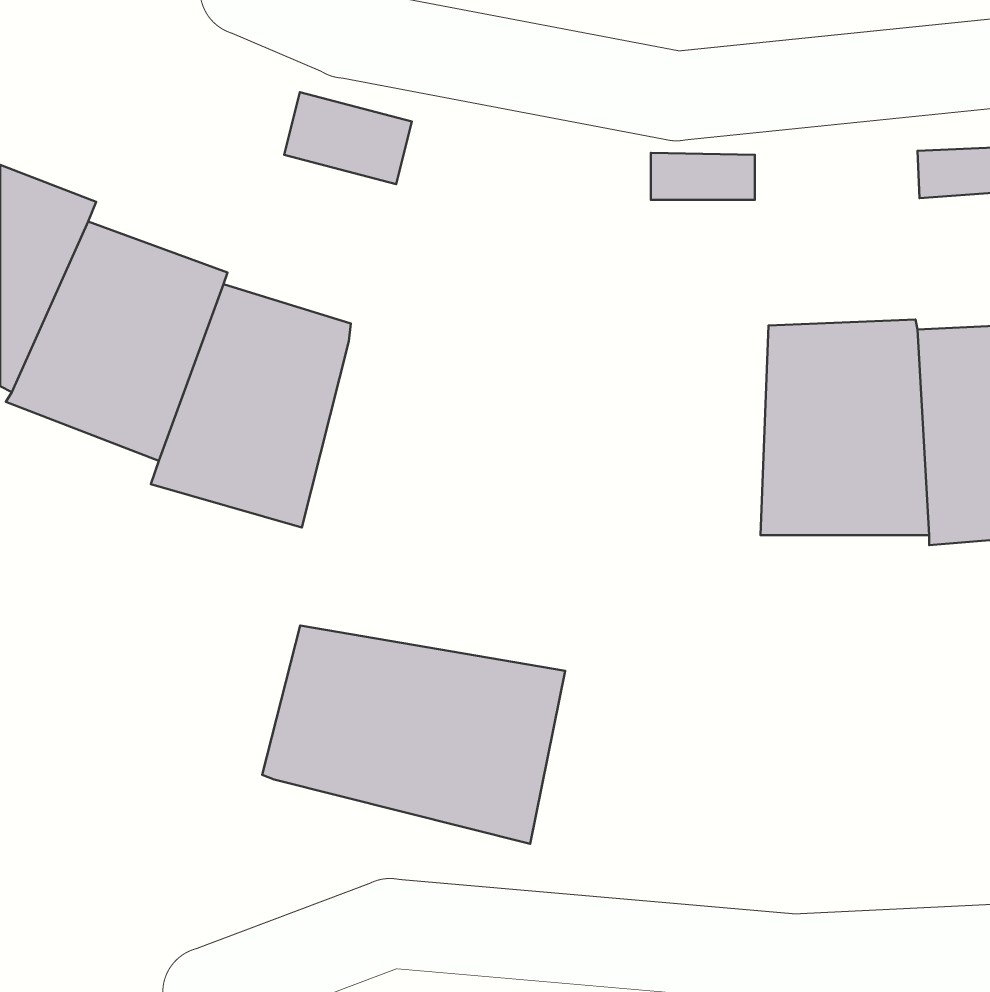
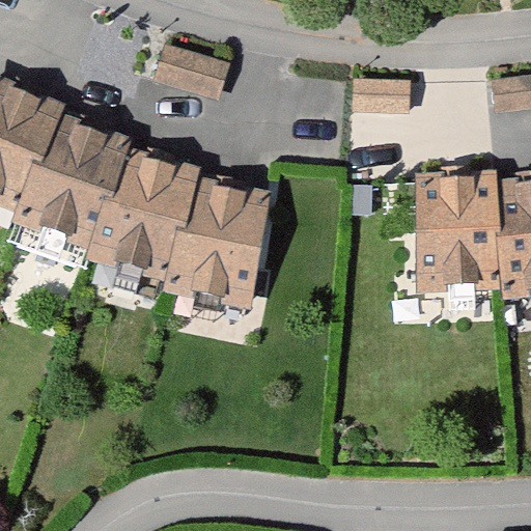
building: none -> [163,180,276,308]
building: [262,625,565,844] -> none

